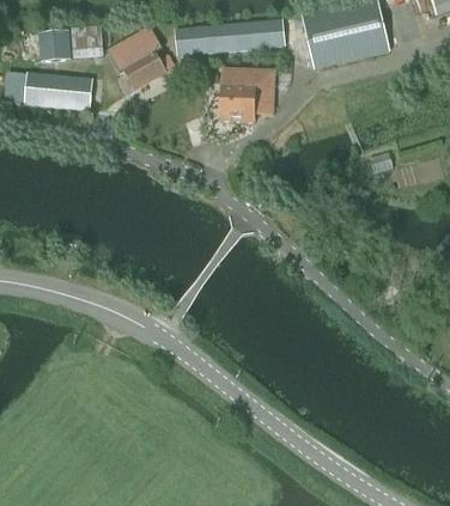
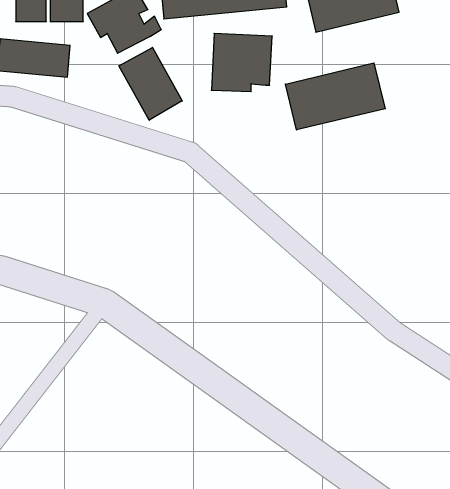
building: none -> [119,47,182,120]
building: none -> [285,63,385,130]

